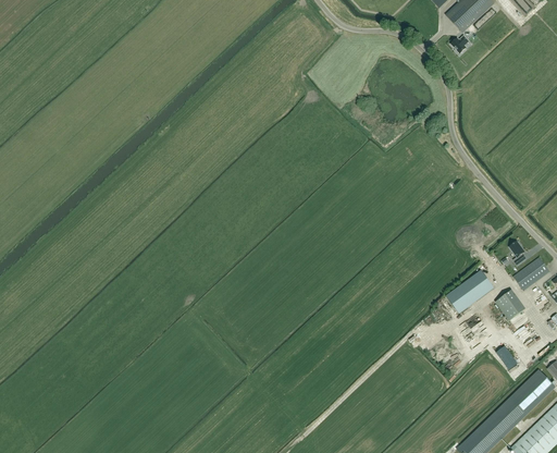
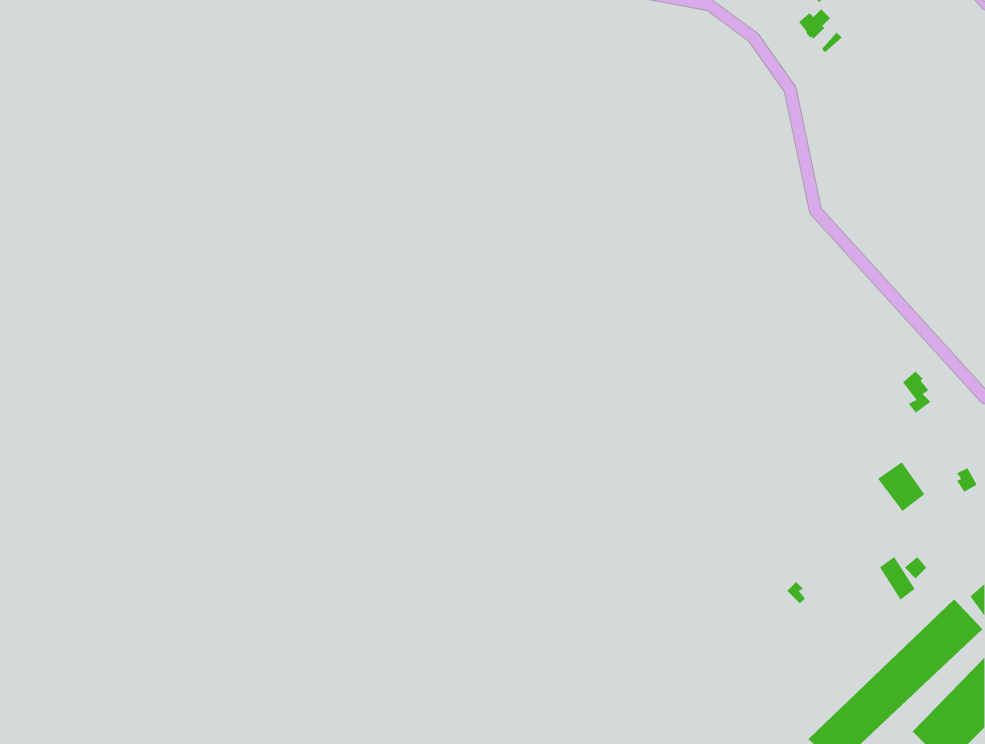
building: [512,256,549,289] -> none
building: [446,269,494,313] -> none

